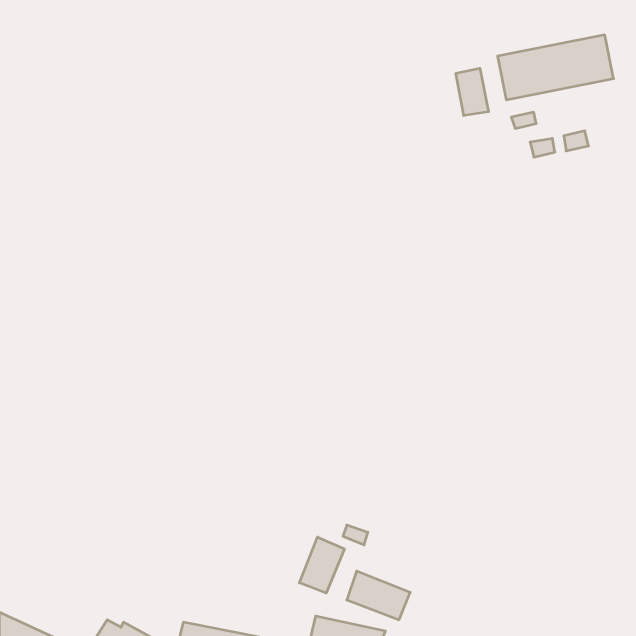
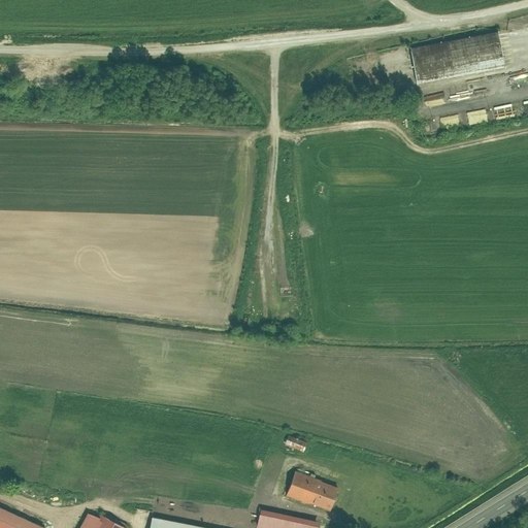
building: [456,68,489,116] -> none
building: [299,537,344,593] -> none

